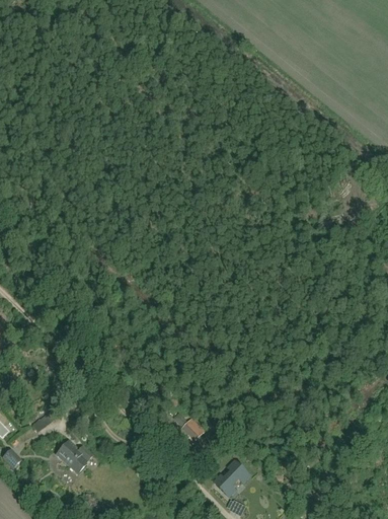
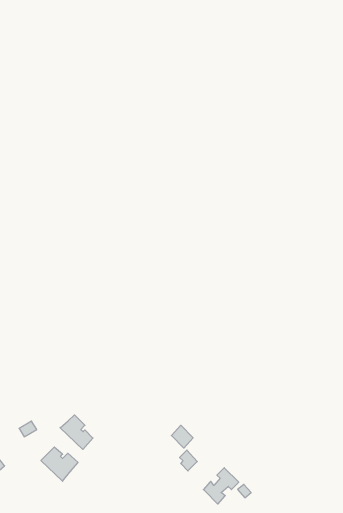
building: none -> [60,415,93,449]

